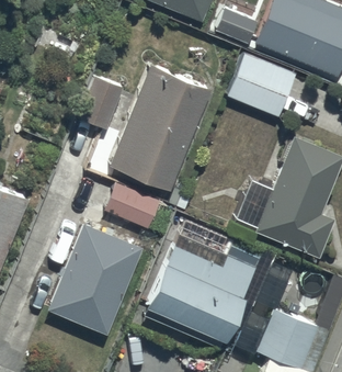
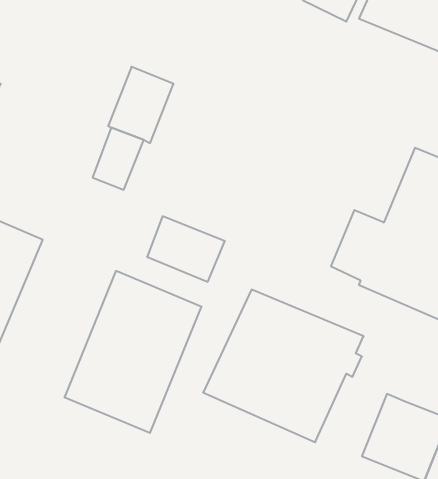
building: [227,52,297,119] -> none
building: [110,65,212,190] -> none

